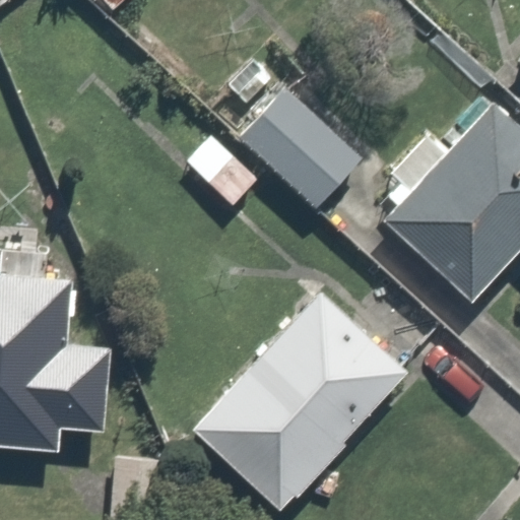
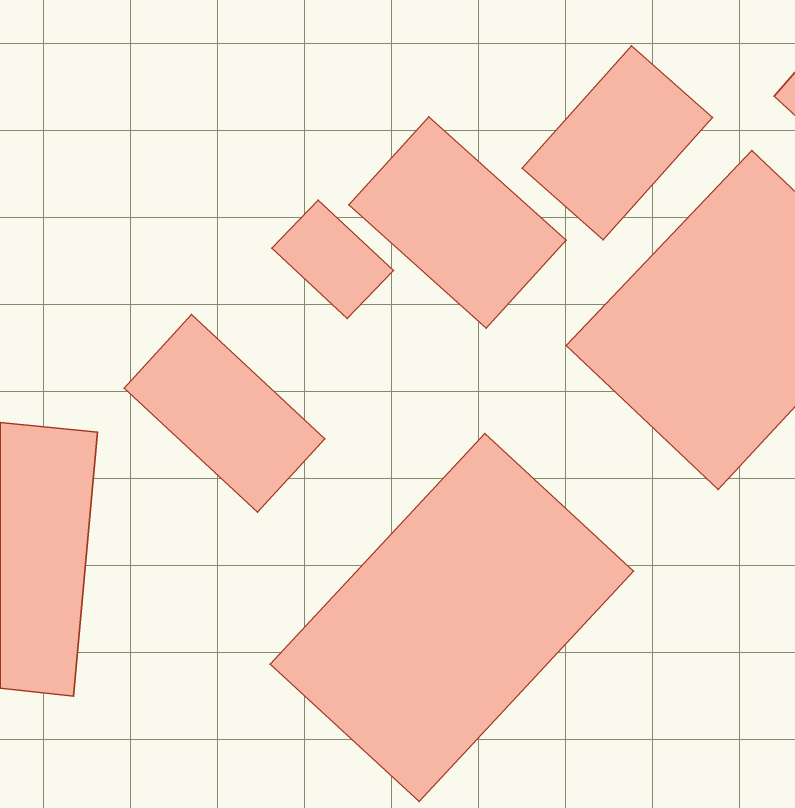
building: none -> [522,46,713,240]
building: none -> [124,314,325,512]

